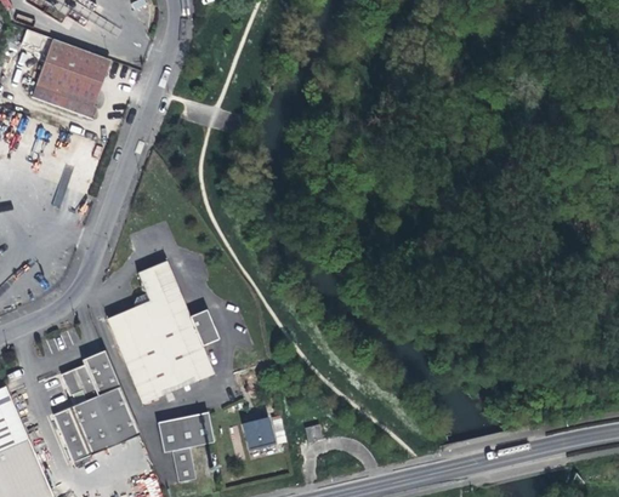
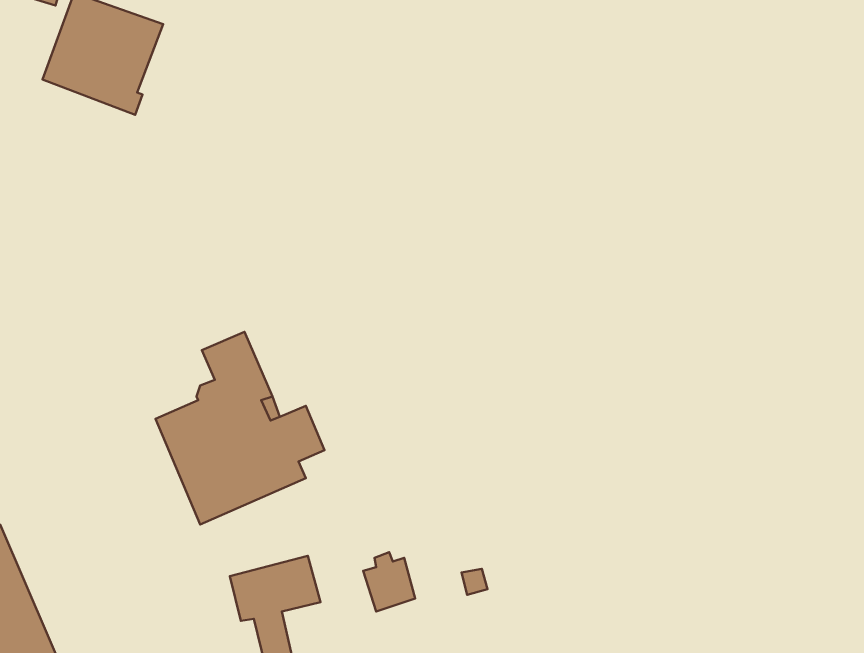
building: [51,349,140,462] -> none
building: [136,356,212,402] -> none

